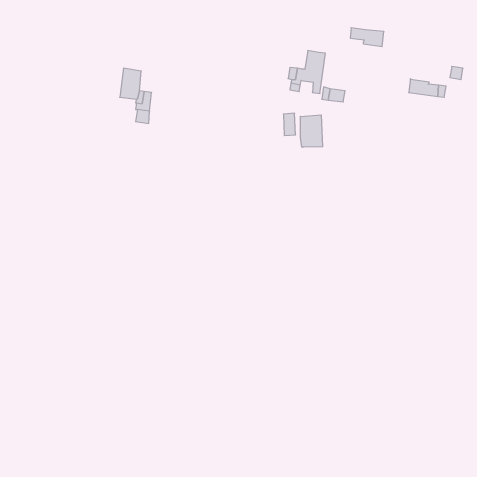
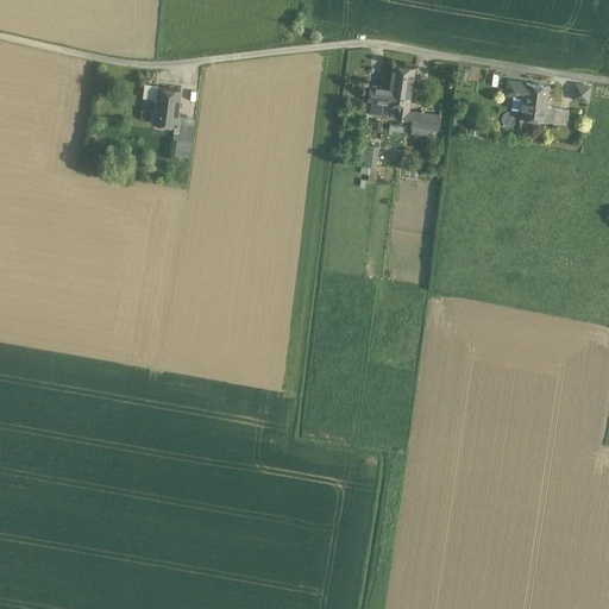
building: [350,28,384,47] -> [506,82,548,106]
building: [300,115,323,147] -> none

